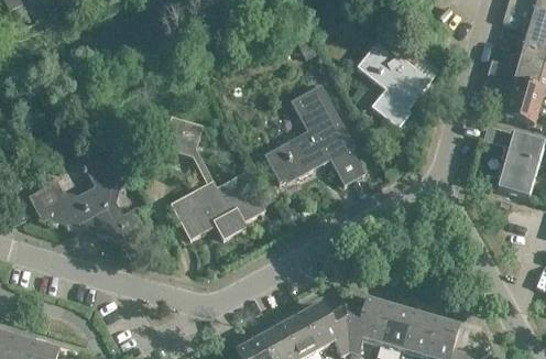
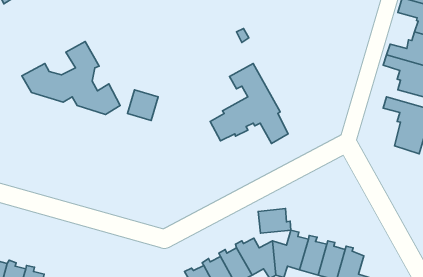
building: [357,43,438,128] -> none
building: [26,153,150,244] -> [22,42,120,114]
building: [170,173,263,239] -> none
building: none -> [258,209,291,233]

